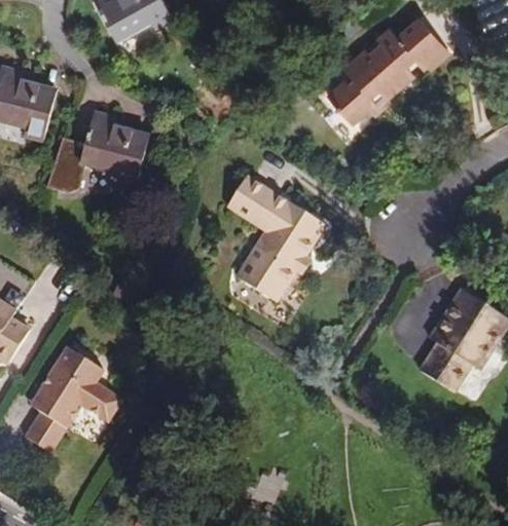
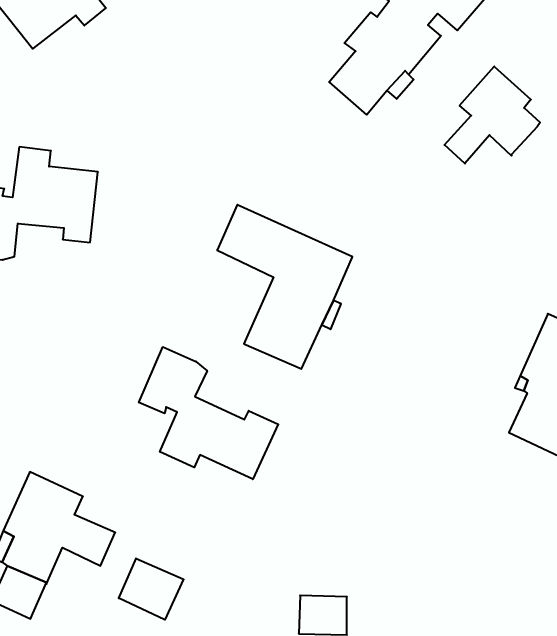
building: none -> [444,66,540,164]
building: none -> [139,347,278,479]
building: none -> [119,558,184,620]

